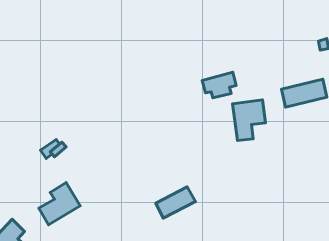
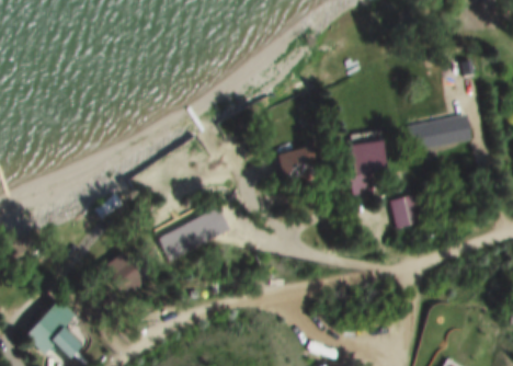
building: [202,72,236,98] -> [276,145,321,179]
building: none -> [390,195,421,229]
building: [156,187,196,218] -> [167,216,219,258]

